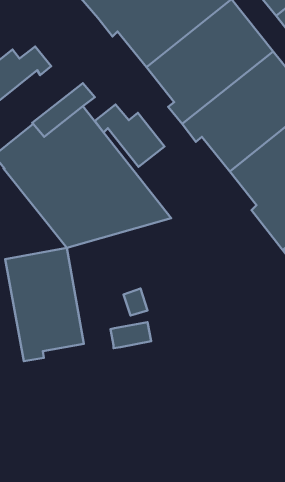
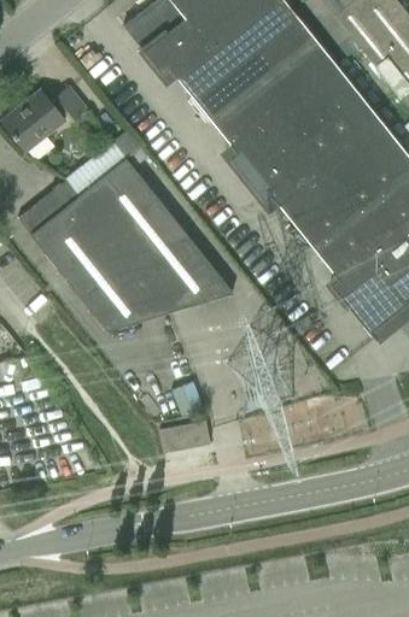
building: [95,105,165,167] -> none
building: [5,248,84,361] -> none

